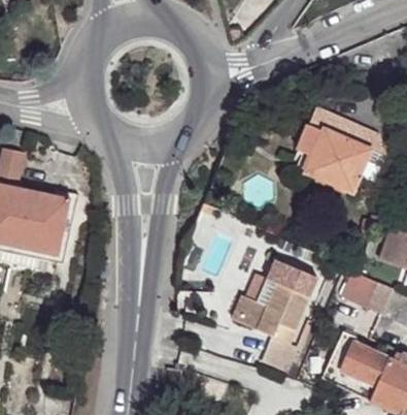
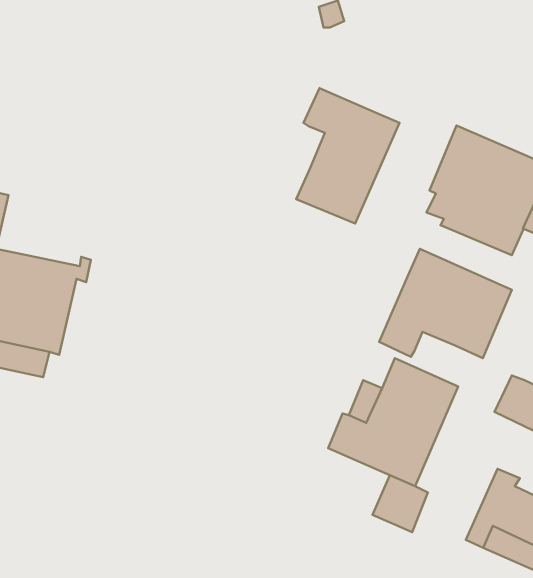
building: none -> [296,88,400,224]
building: none -> [379,249,512,358]

